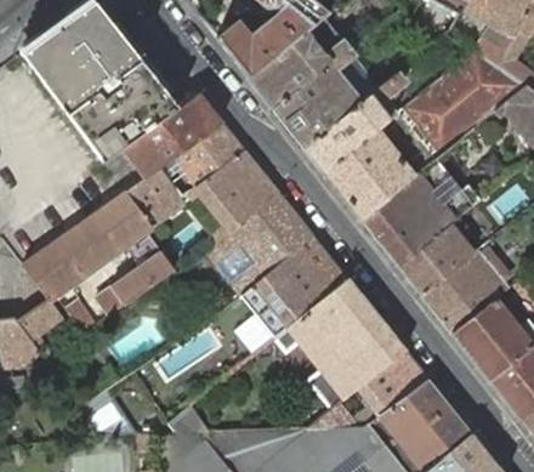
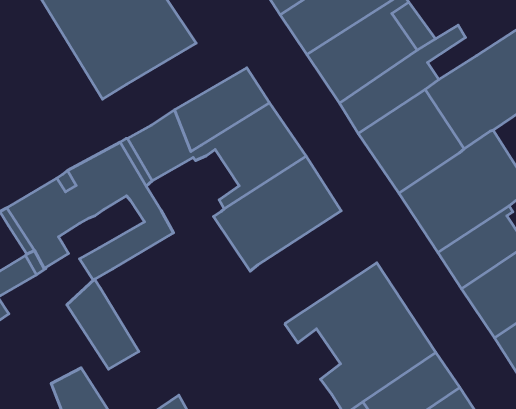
building: [123,91,223,178] -> none
building: [242,237,348,336] -> none
building: none -> [67,279,139,369]

